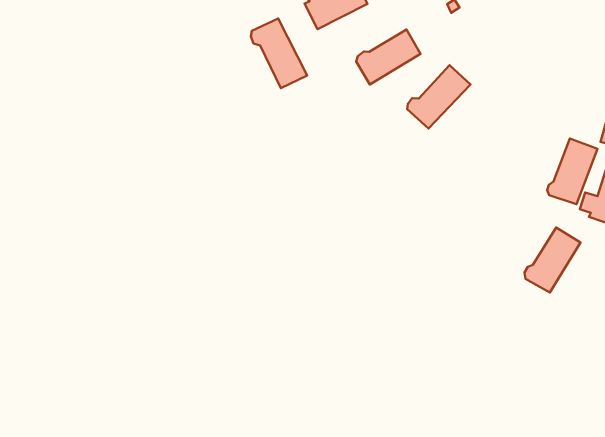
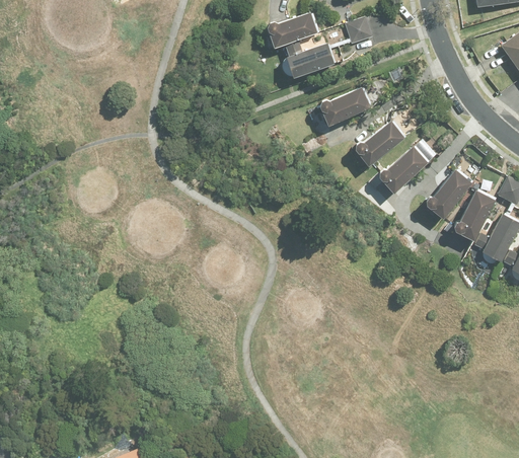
building: [251,18,307,88] -> none
building: none -> [378,147,427,195]
building: [525,227,581,293] -> [425,170,471,220]

